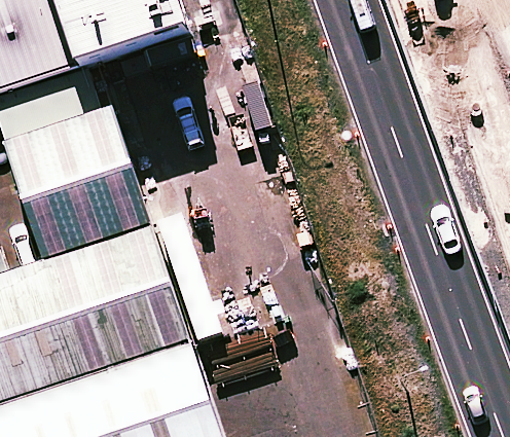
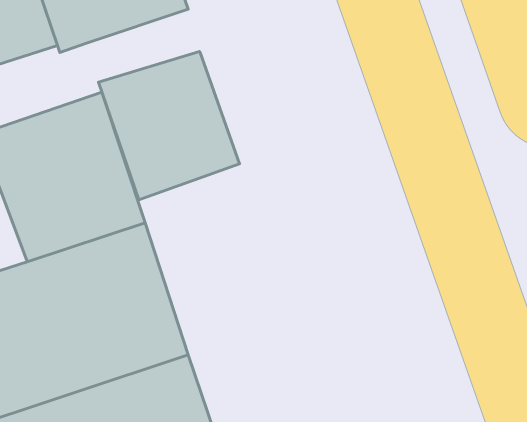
building: none -> [98,52,240,200]

